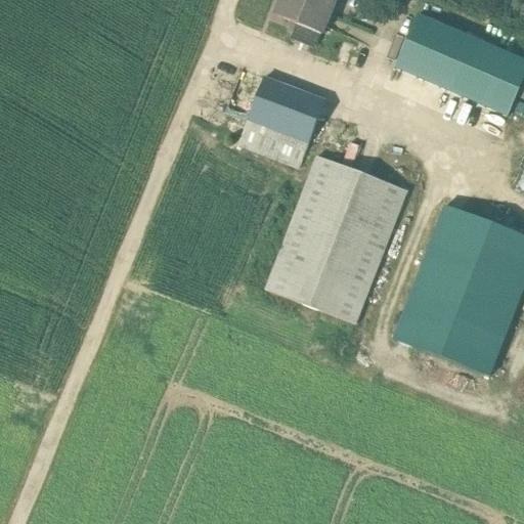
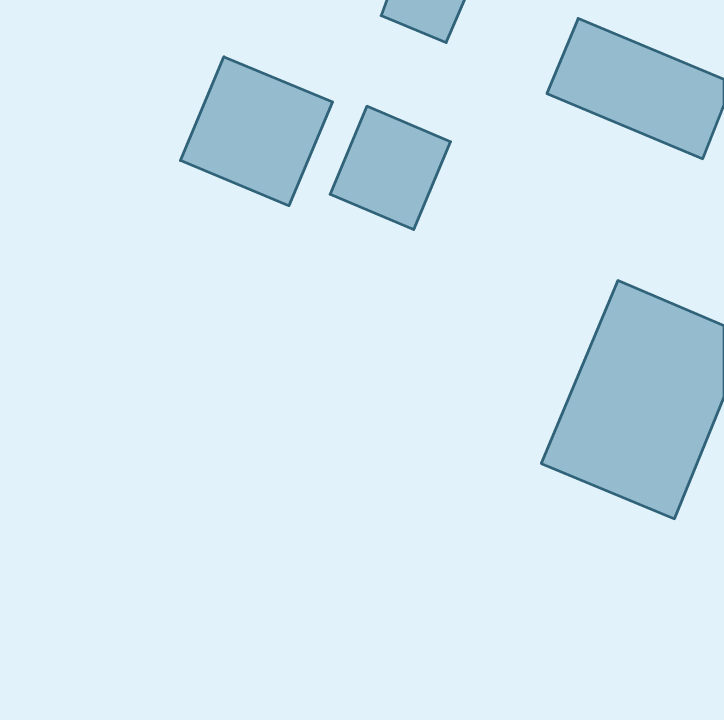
building: none -> [180,57,333,206]
building: [263,156,408,324] -> none

